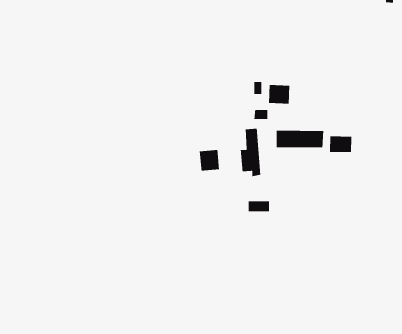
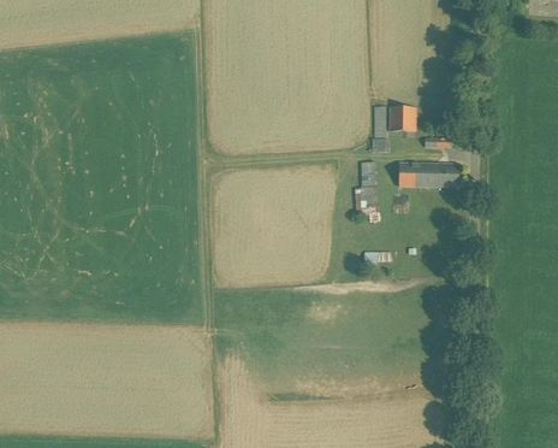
building: [329,136,352,153] -> none
building: [199,149,220,171] -> none

